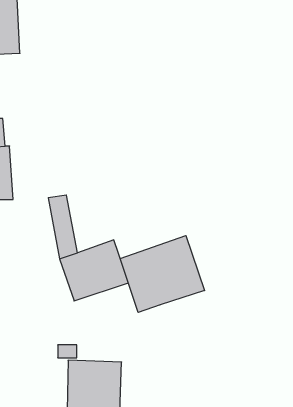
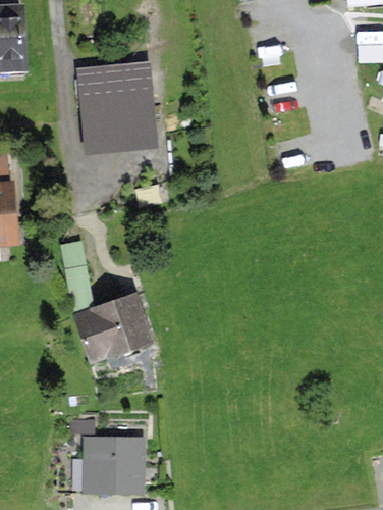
building: none -> [76,62,158,156]
building: [120,236,205,312] -> none

